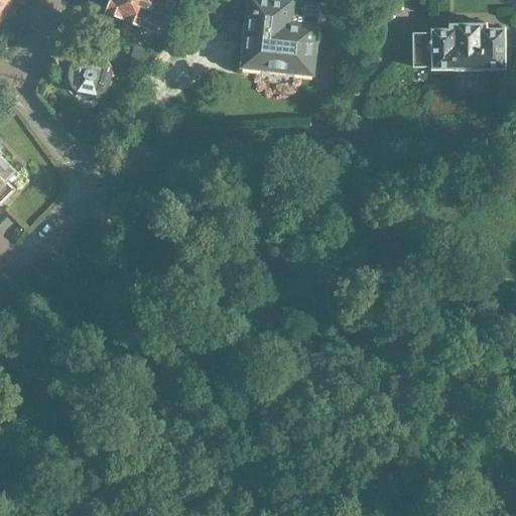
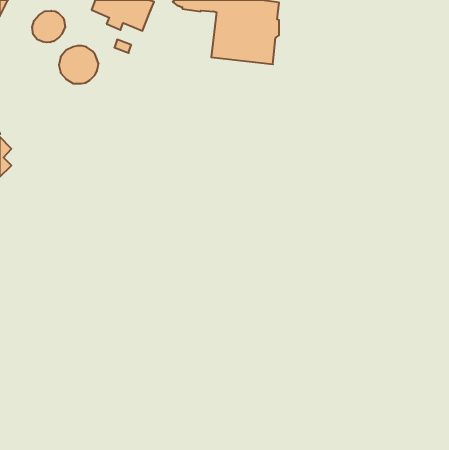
building: none -> [32,11,65,42]
building: [412,23,505,74] -> none

